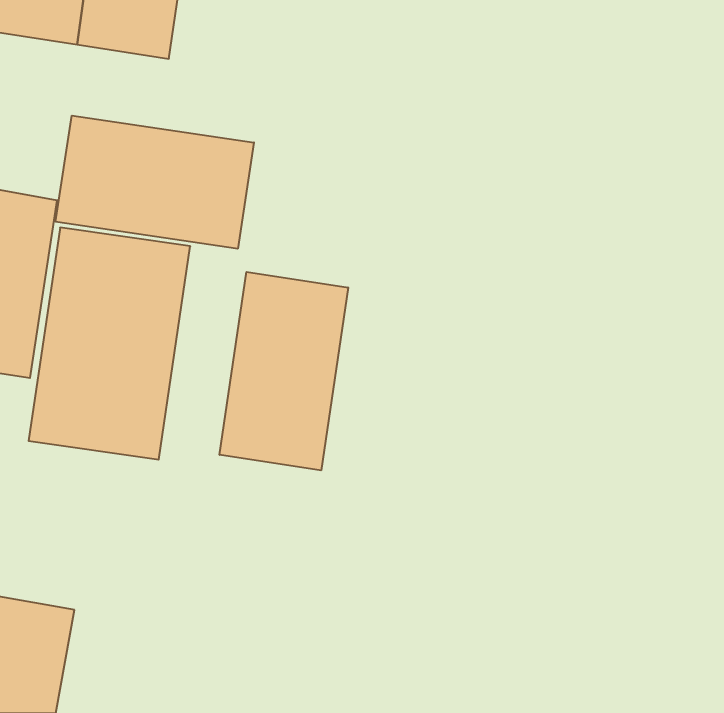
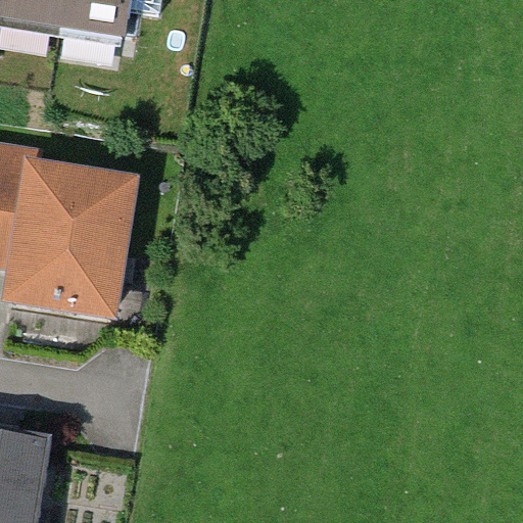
building: [56,116,254,249] -> none
building: [220,272,348,470] -> none

